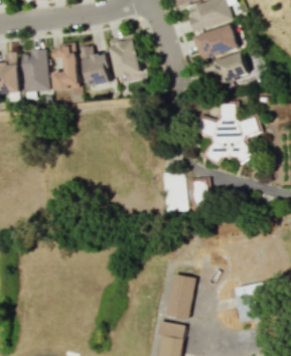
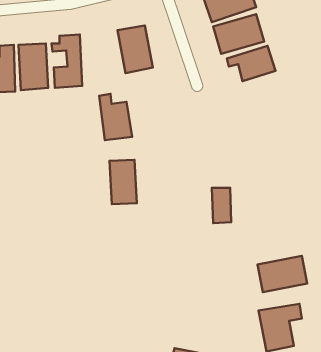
building: [82,44,111,85] -> [99,94,132,140]
building: [197,101,258,160] -> none
building: [162,172,186,211] -> [110,160,137,204]
building: none -> [258,256,307,292]
building: [165,274,195,319] -> none

